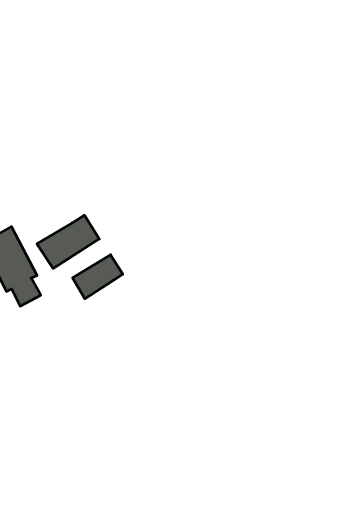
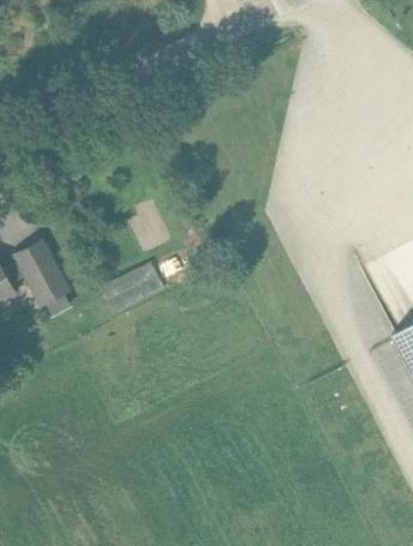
building: [37,215,99,268] -> none

